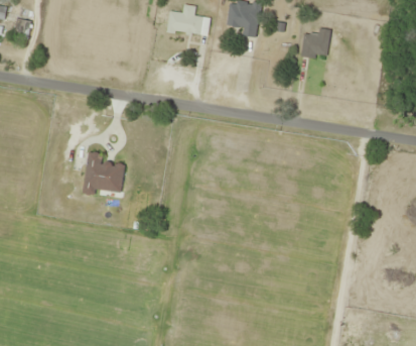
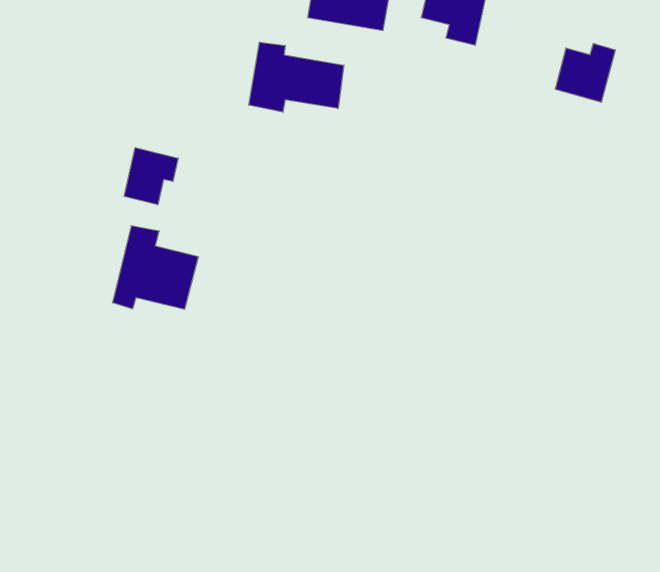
building: none -> [249,42,344,112]
building: none -> [124,148,178,205]

